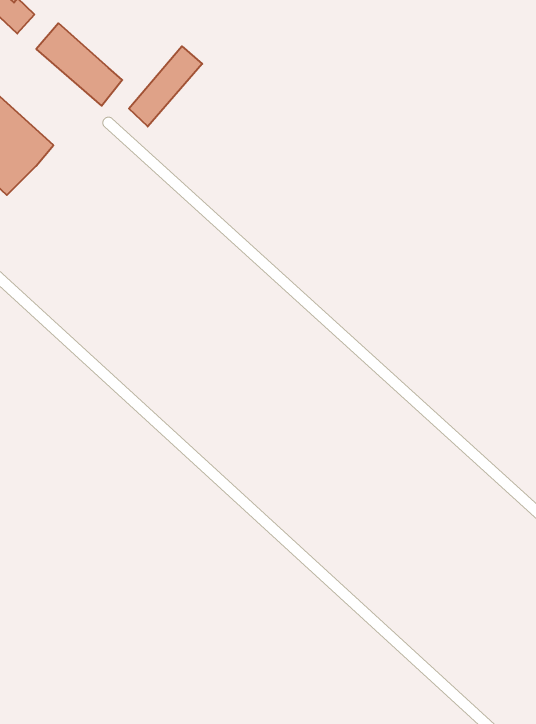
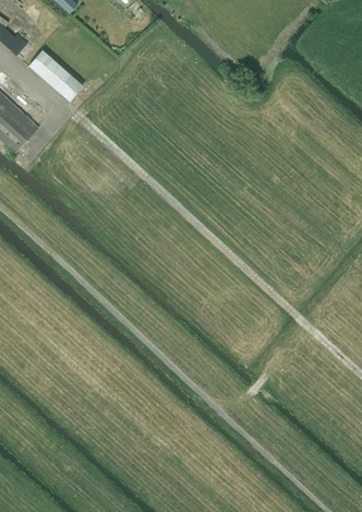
building: [129,46,202,127] -> none

